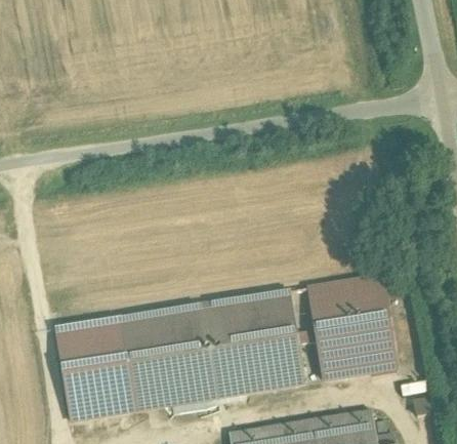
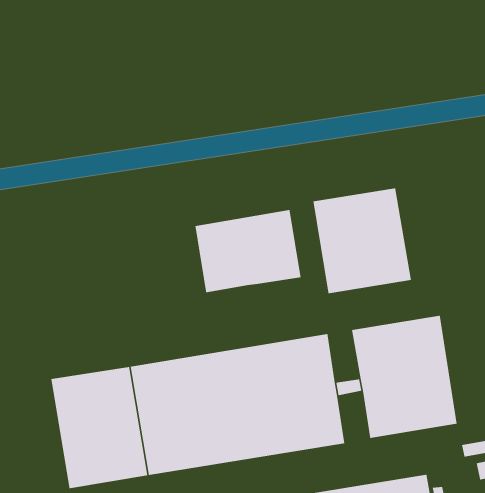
building: none -> [313,188,412,294]
building: none -> [195,209,301,293]

